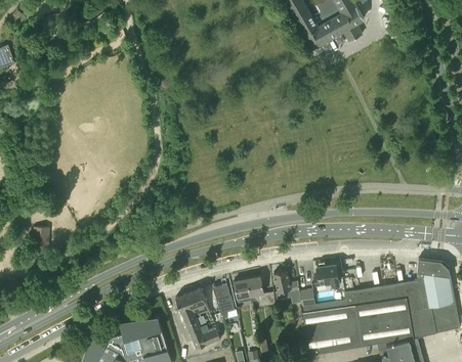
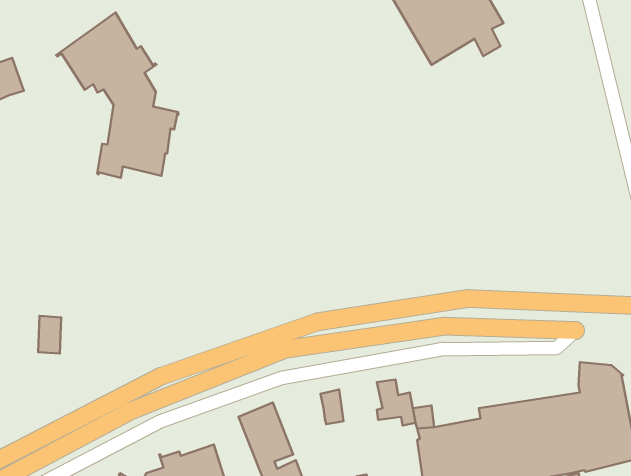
building: none -> [56,13,179,178]
building: [313,264,340,287] -> none
building: [246,276,275,307] -> none
building: [212,283,234,314] -> none

